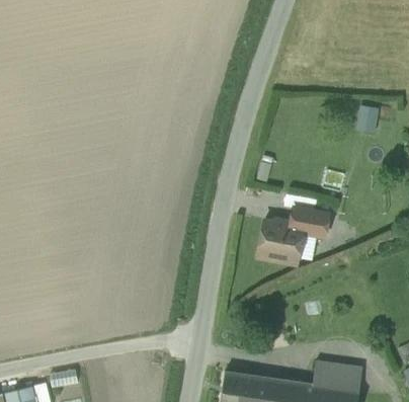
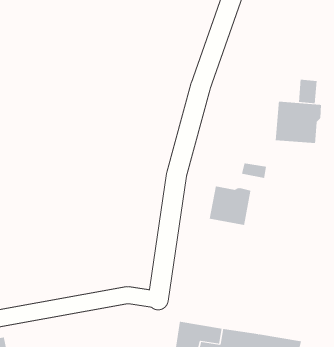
building: none -> [275,101,321,144]
building: [291,209,329,232] -> none
building: [312,363,362,393] -> none

